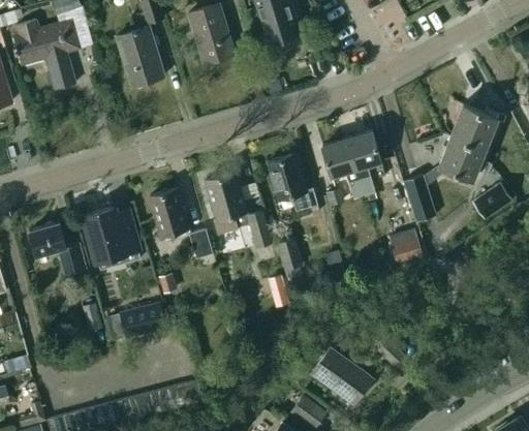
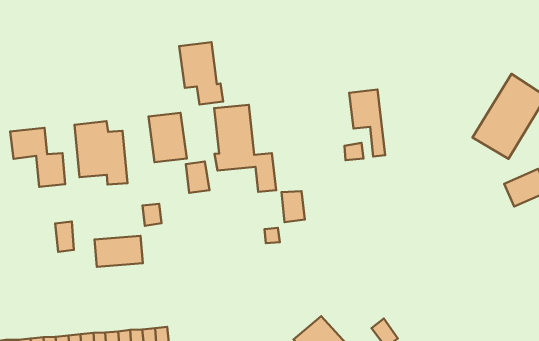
building: [347,131,381,195] -> none
building: [268,154,315,211] -> [179,42,223,105]
building: [405,175,437,221] -> none
building: [392,238,423,264] -> none

